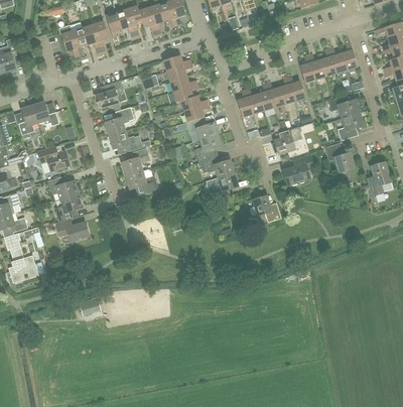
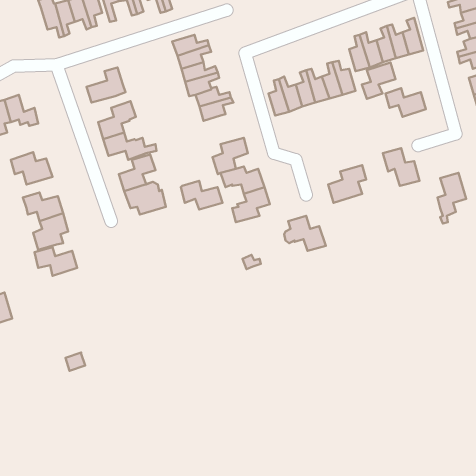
building: [337,112,363,140] -> [362,62,396,99]
building: [185,117,218,139] -> [181,181,223,209]
building: [271,126,301,153] -> none

